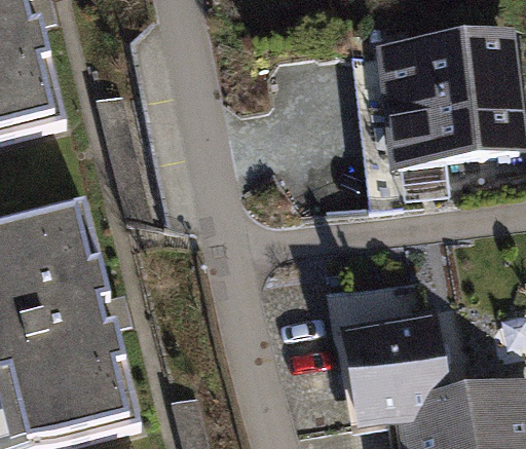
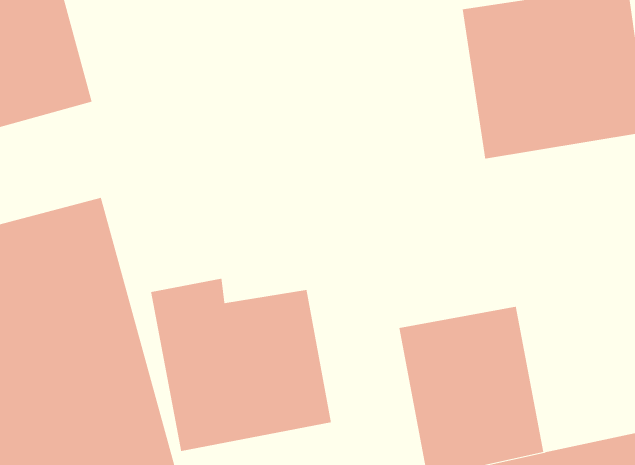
building: none -> [151,278,332,452]

